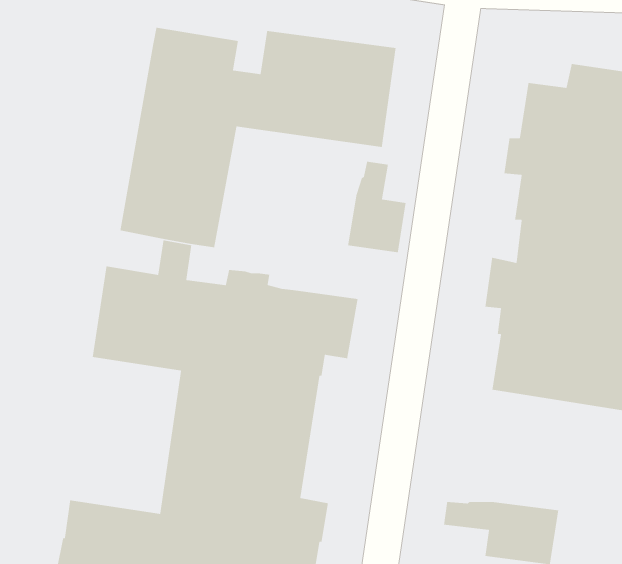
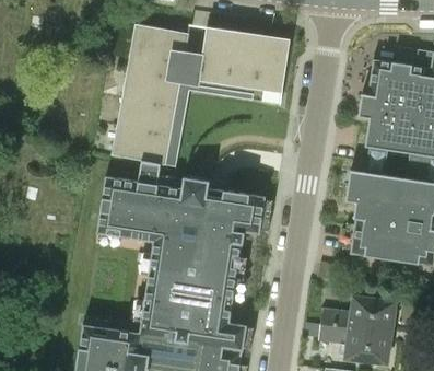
building: [347,161,407,253] -> none
building: none -> [321,297,396,329]

